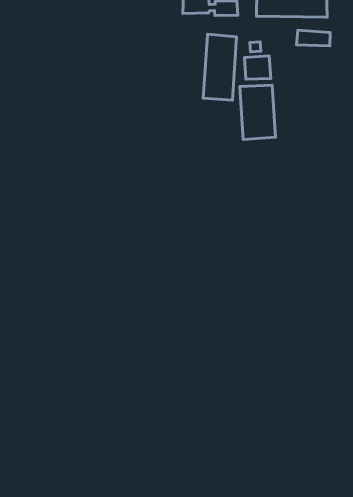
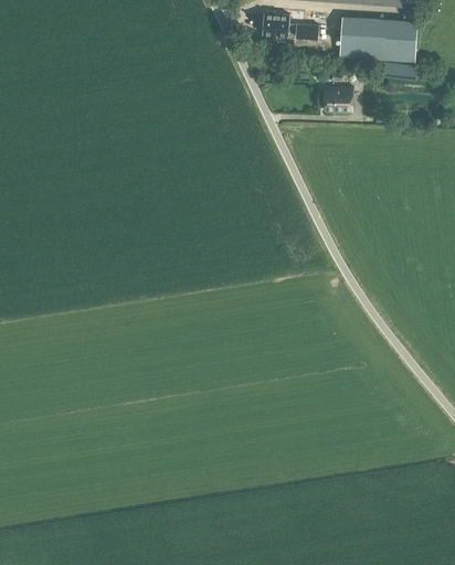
building: [203,34,237,100] -> none
building: [240,85,275,139] -> none

